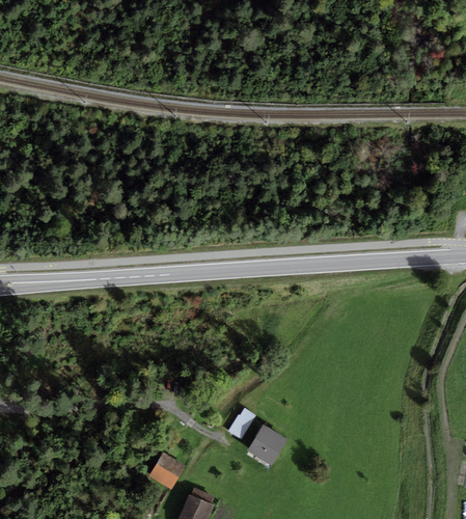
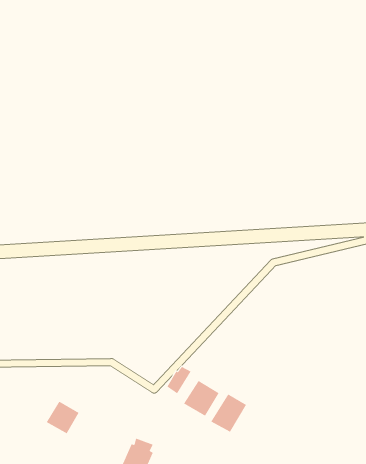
building: none -> [211,393,247,432]
building: [148,453,186,490] -> [46,401,79,434]

